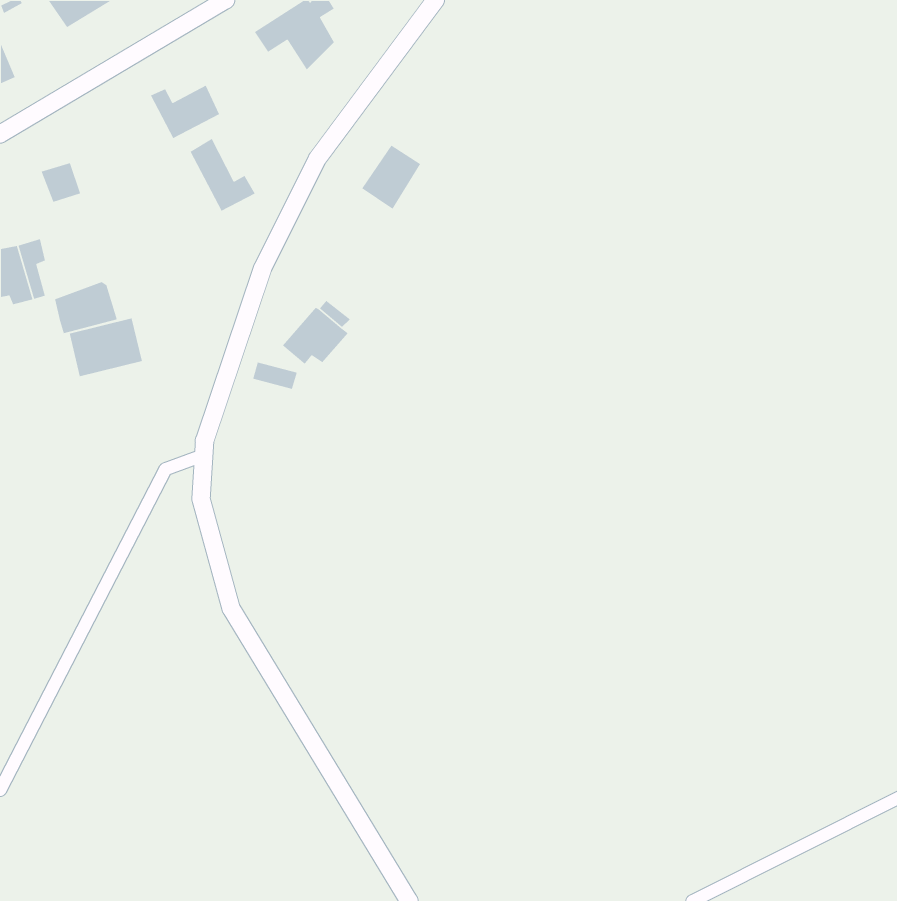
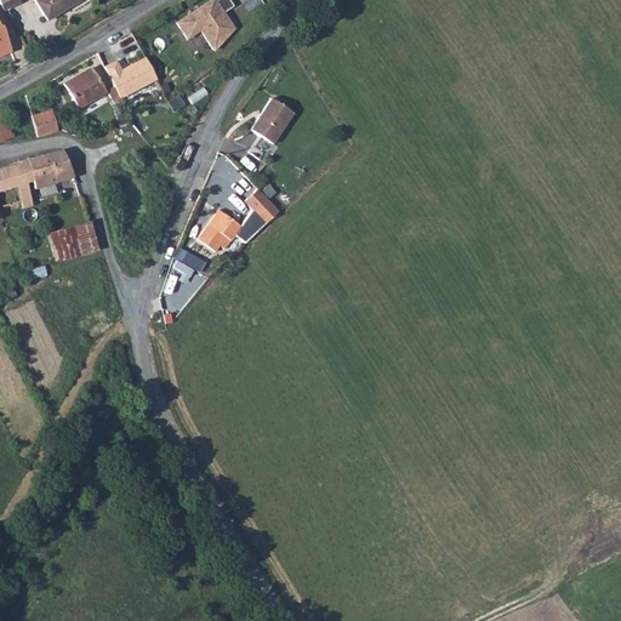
building: none -> [65,68,106,108]
building: [190,138,256,212] -> none
building: none -> [246,187,283,220]
building: [54,281,118,334] -> [30,152,74,188]

